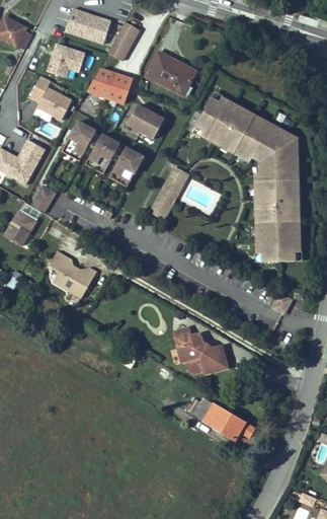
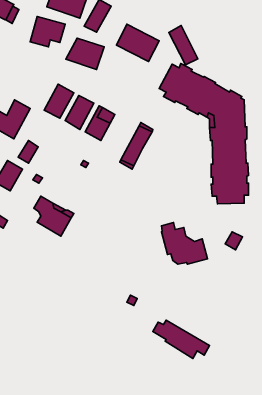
building: none -> [169,25,198,65]
building: [30,75,73,120] -> none
building: [128,103,165,137] -> none
building: [174,325,228,374] -> [161,222,207,264]

